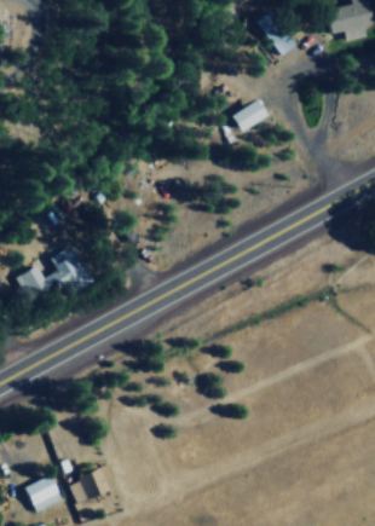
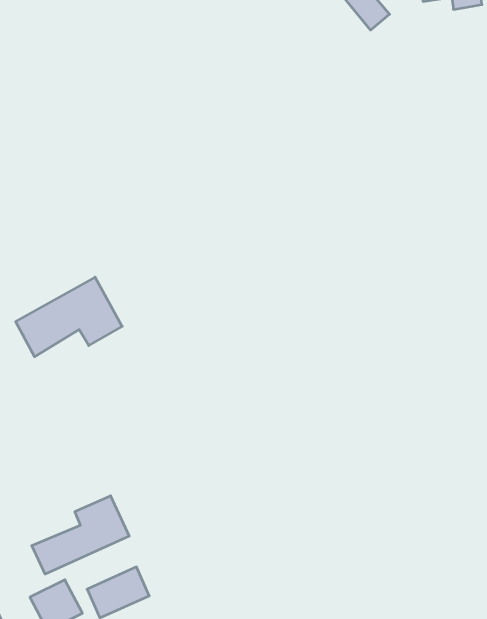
building: [235,100,271,132] -> none
building: none -> [32,496,129,574]

